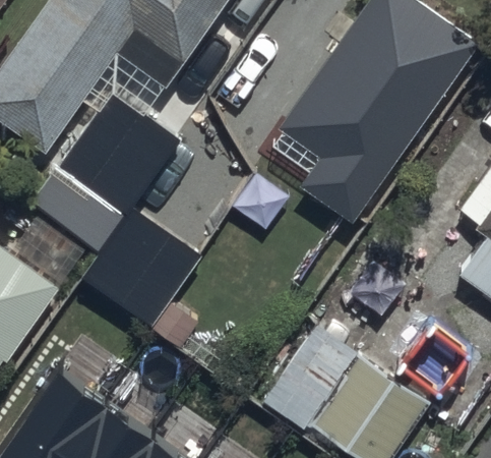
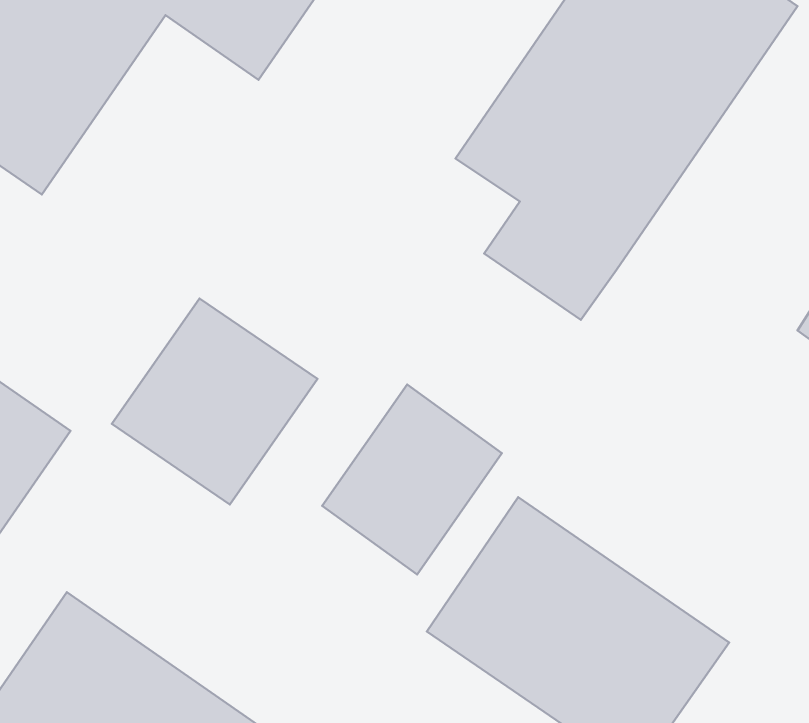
building: [58,91,176,213] -> none
building: none -> [322,385,502,574]

